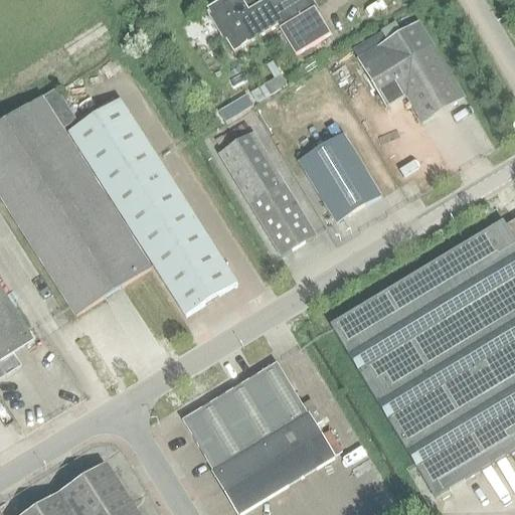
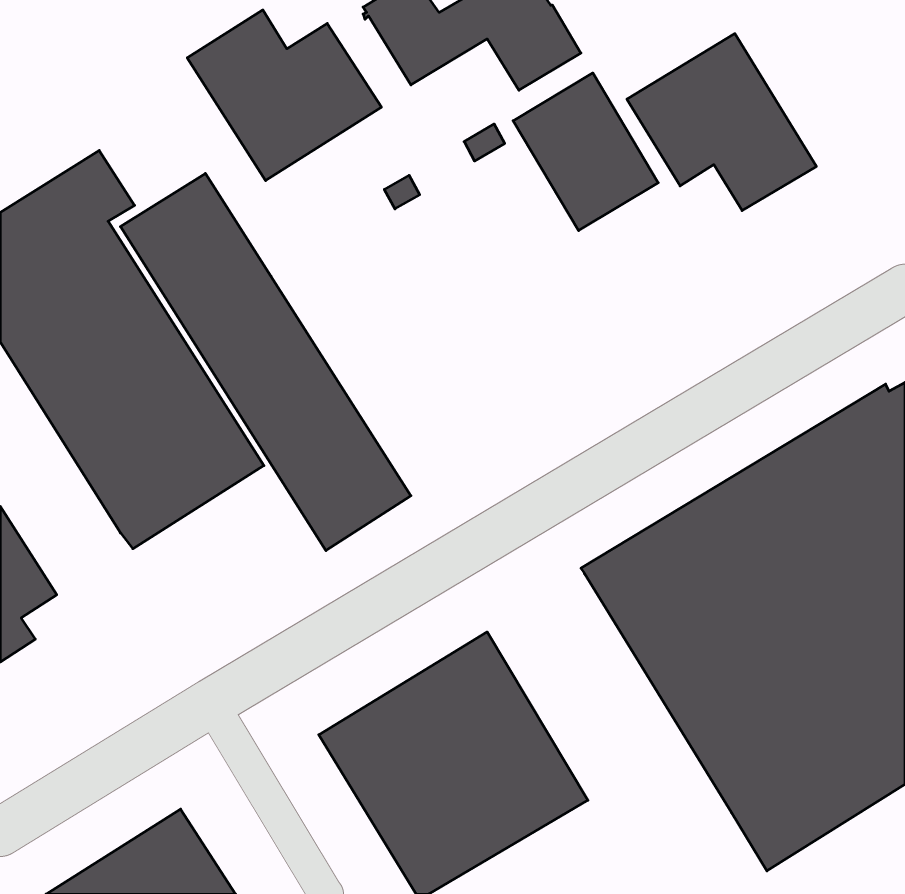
building: none -> [187,10,381,181]
building: [218,130,316,254] -> none
building: [298,131,380,220] -> [513,73,658,231]

